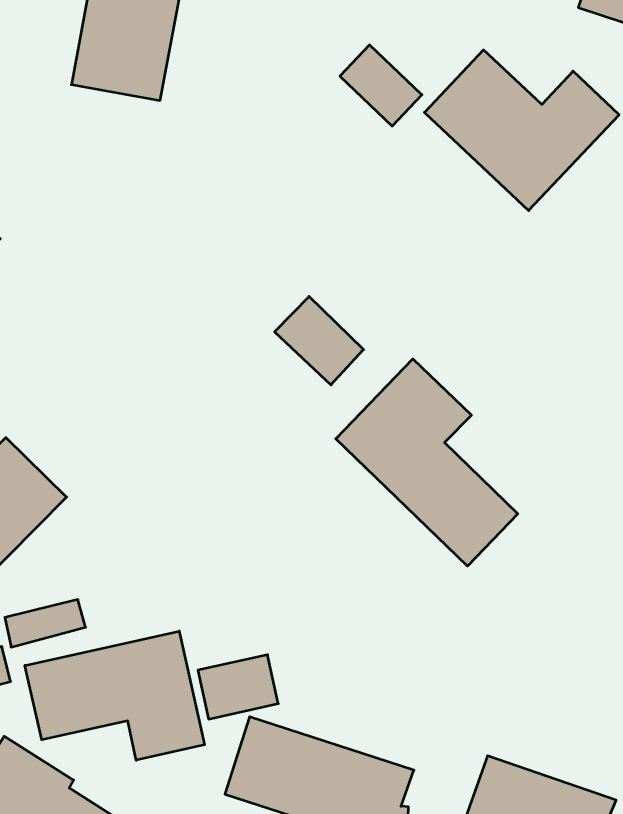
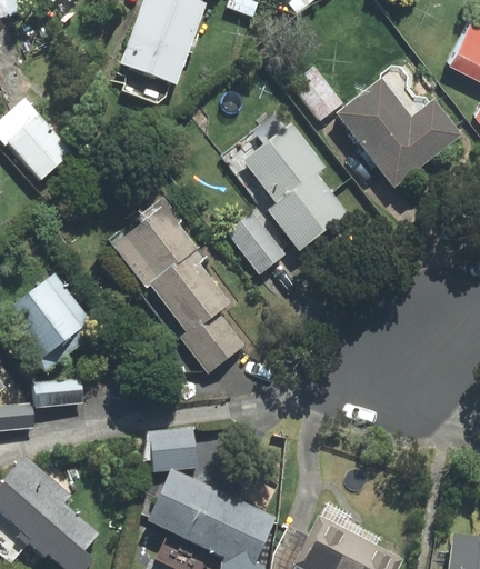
building: none -> [246,134,343,241]
building: none -> [112,211,240,372]
building: [336,359,518,566] -> none
building: [25,631,205,760] -> none

